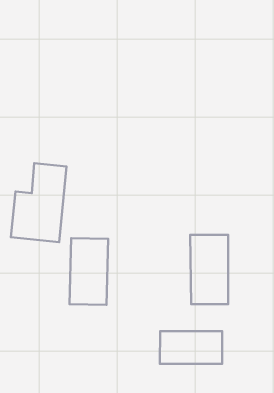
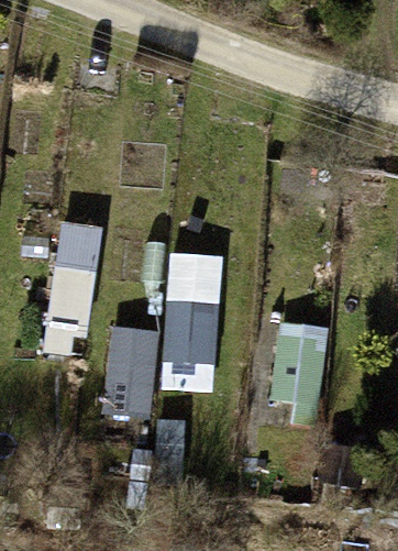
building: none -> [165,254,220,367]
building: [160,331,222,364] -> none

